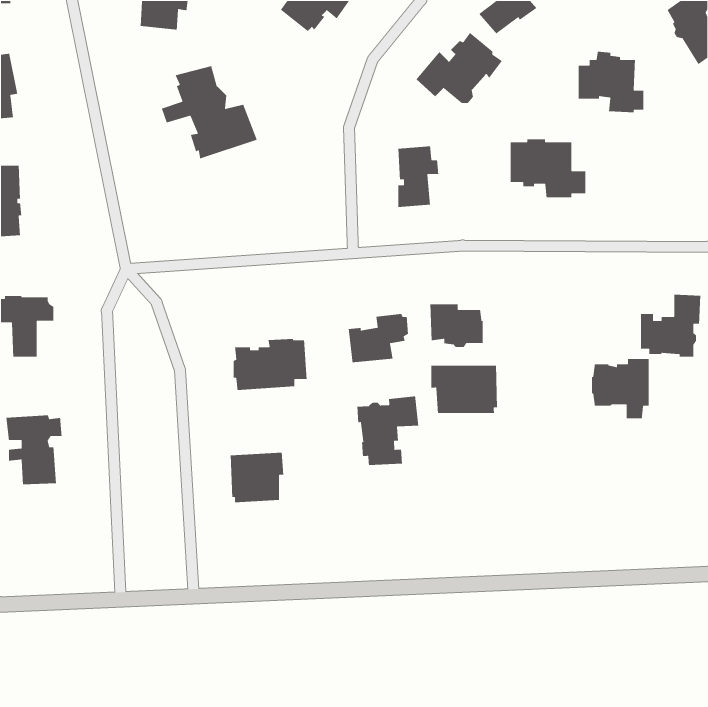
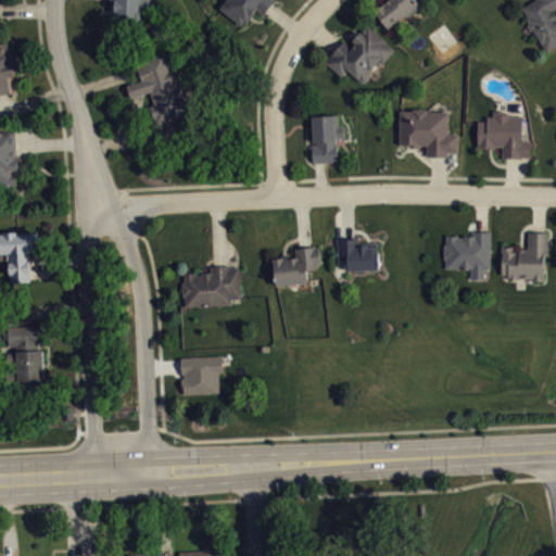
building: [578,51,644,113] -> [478,111,530,160]
building: [591,358,649,419] -> [444,231,490,279]
building: [430,365,498,414] -> none
building: [356,396,419,466] -> none

